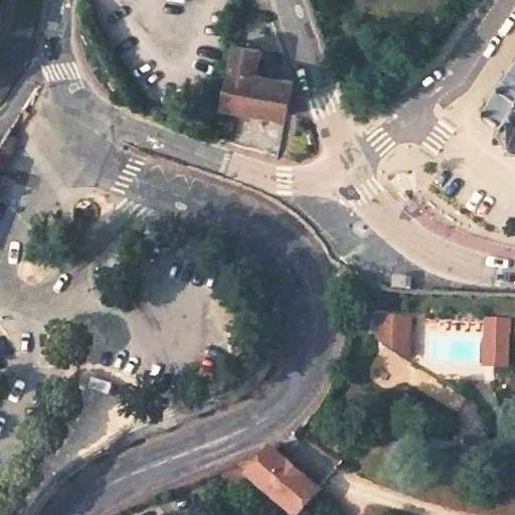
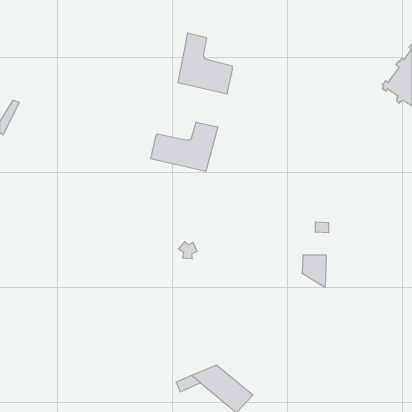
building: none -> [151,122,218,172]
building: [483,319,509,365] -> none

